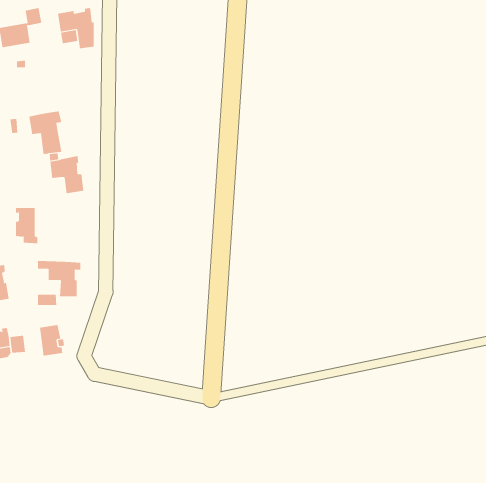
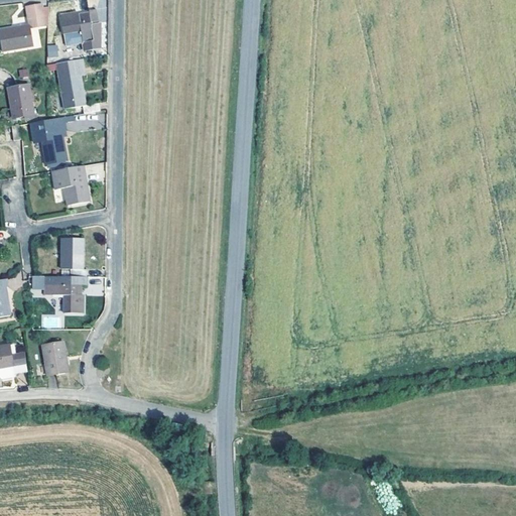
building: none -> [56,58,100,114]
building: none -> [7,85,33,118]
building: [15,207,38,244] -> [61,239,86,277]

